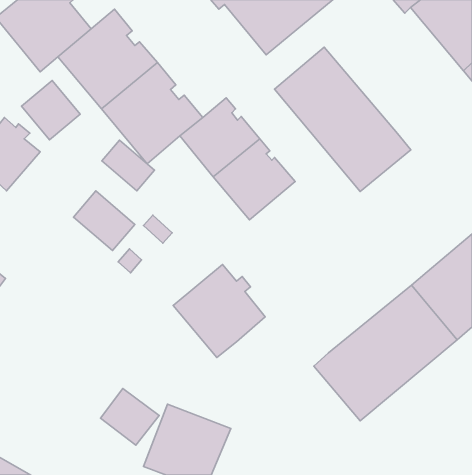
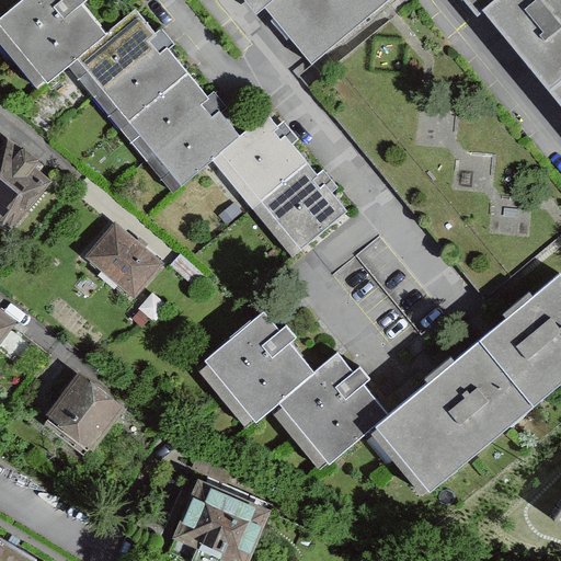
building: [275,47,411,192] -> none
building: [21,81,80,140] -> none
building: [102,140,155,191] -> none
building: none -> [278,355,387,463]
building: [100,388,159,445] -> [49,382,118,449]

